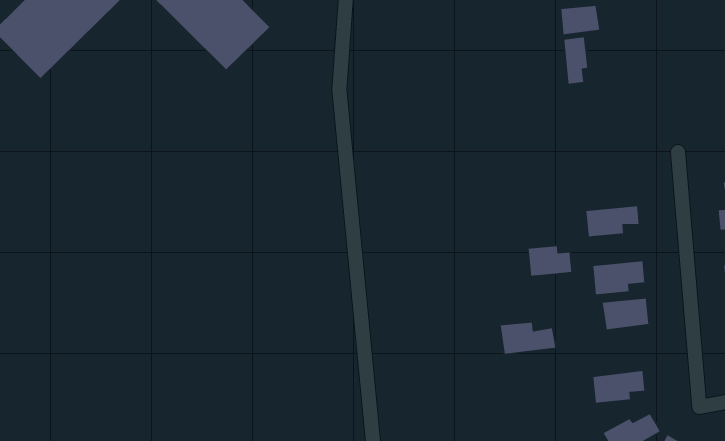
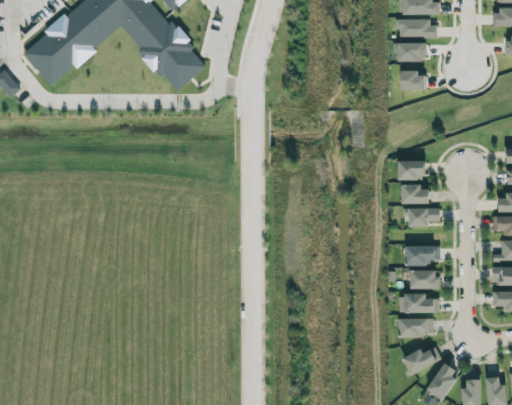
building: [563,36,588,84] -> none
building: none -> [398,160,425,179]
building: [528,245,572,277] -> [401,184,429,203]
building: [500,322,556,355] -> [404,293,440,313]

